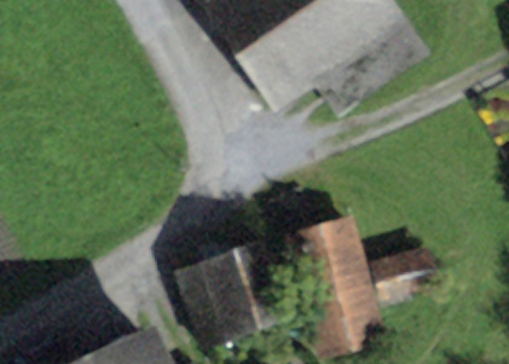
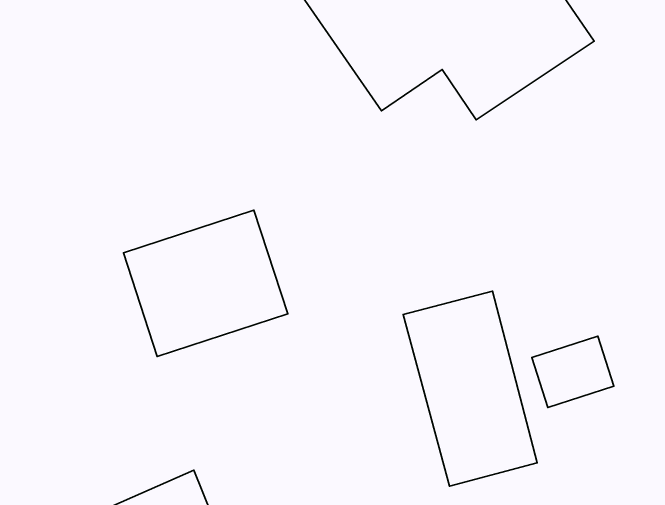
building: [180,241,291,340] -> [123,210,288,357]

